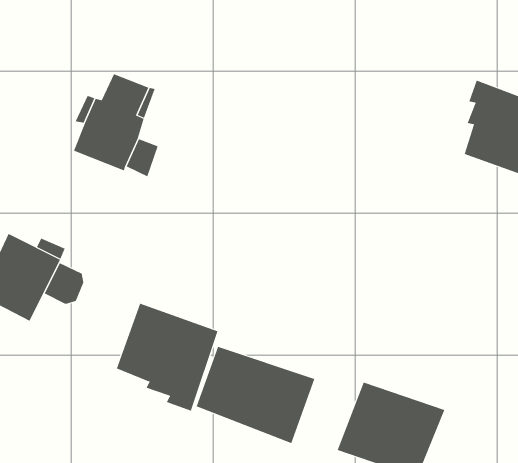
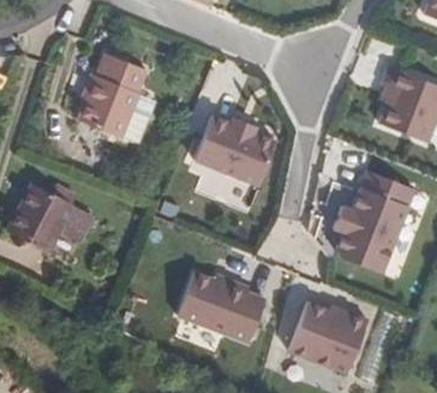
building: none -> [191,112,275,187]
building: none -> [333,169,413,275]
building: [116,303,218,412] -> none

